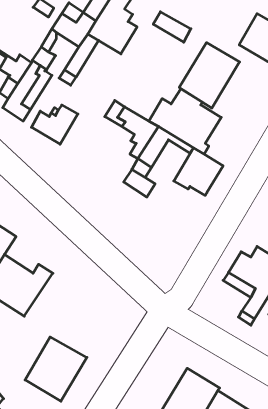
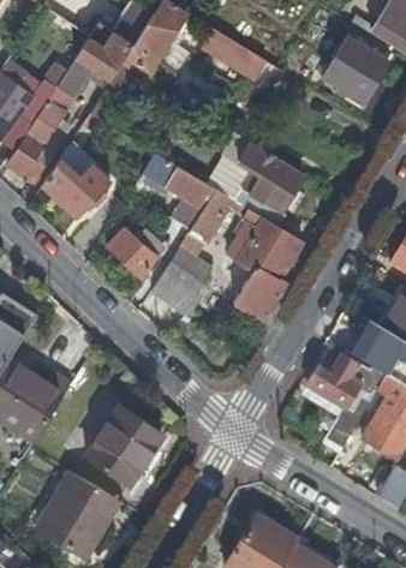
building: [179,43,240,108] -> none
building: none -> [108,225,162,276]
building: none -> [153,262,208,313]
building: none -> [239,268,292,318]
building: none -> [94,411,166,485]

